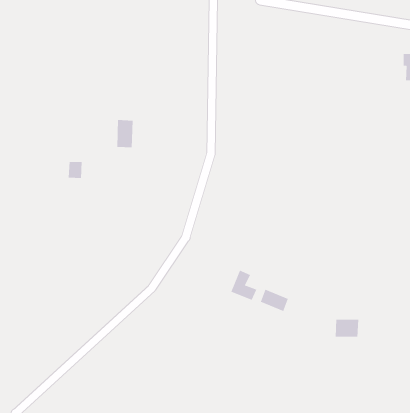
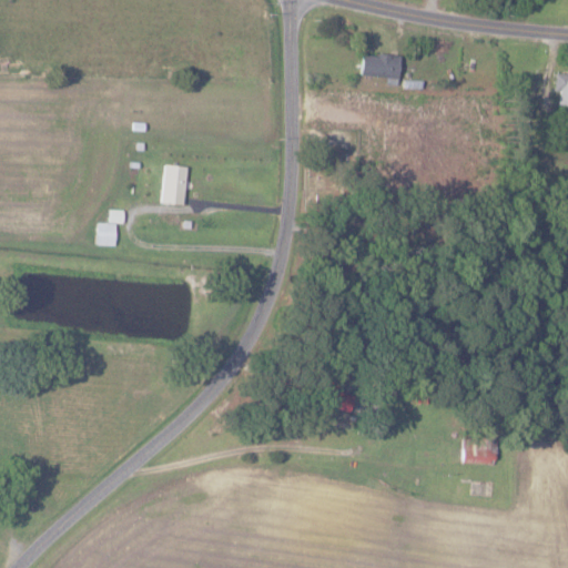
building: none -> [363,53,402,81]
building: [260,289,289,312] -> none

